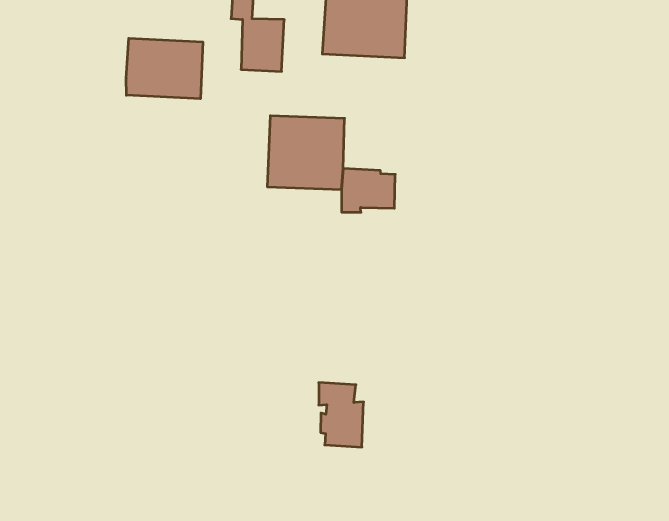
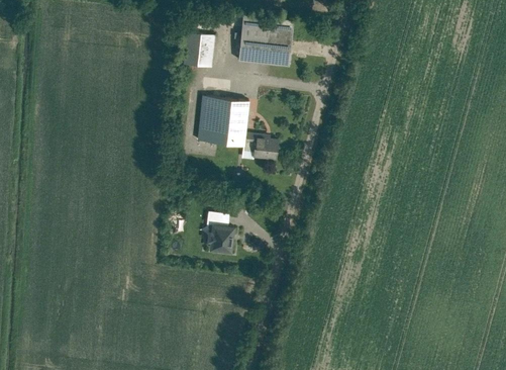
building: [126,38,203,99] -> none
building: [319,383,364,447] -> [206,212,234,255]

